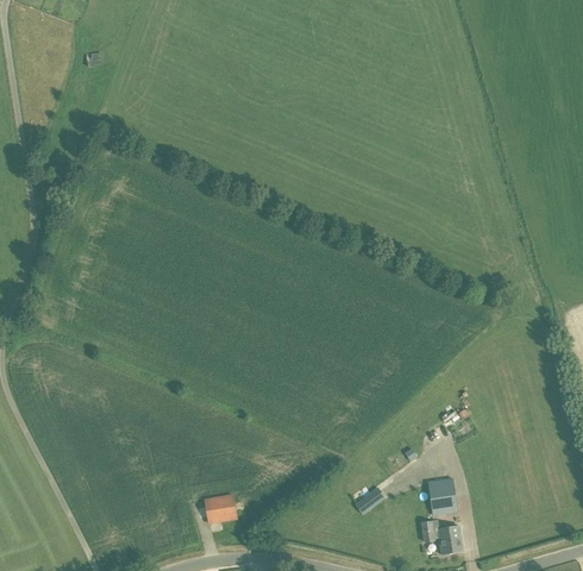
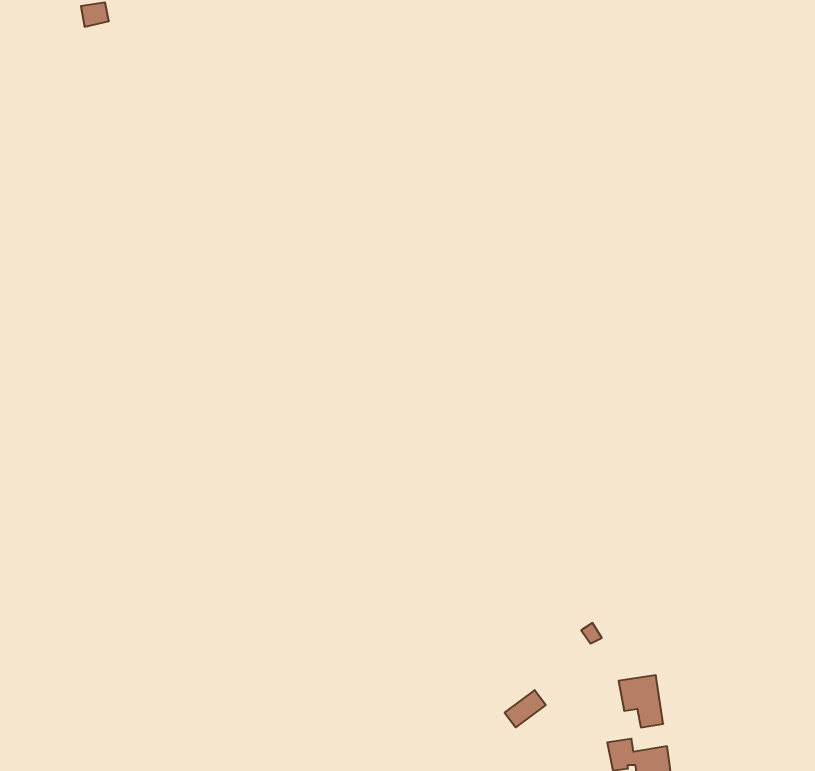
building: [205,494,236,522] -> none

